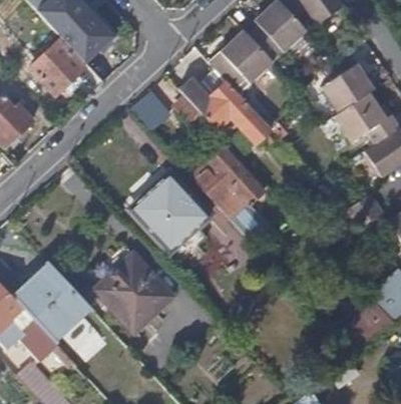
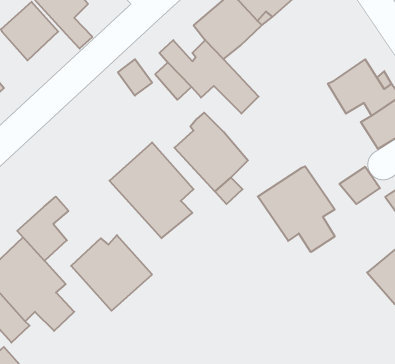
building: [324,50,378,114] -> none
building: none -> [258,166,335,252]
building: none -> [17,197,68,261]

